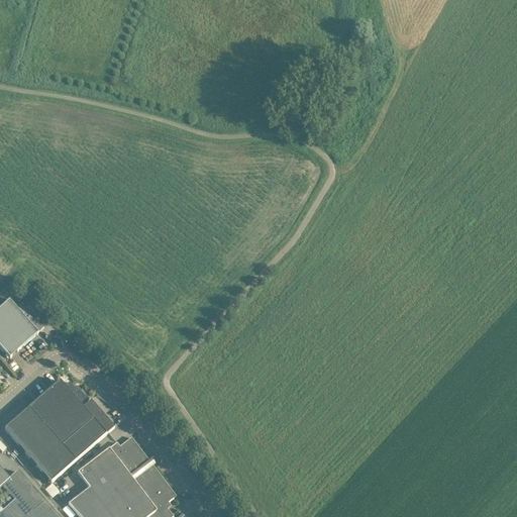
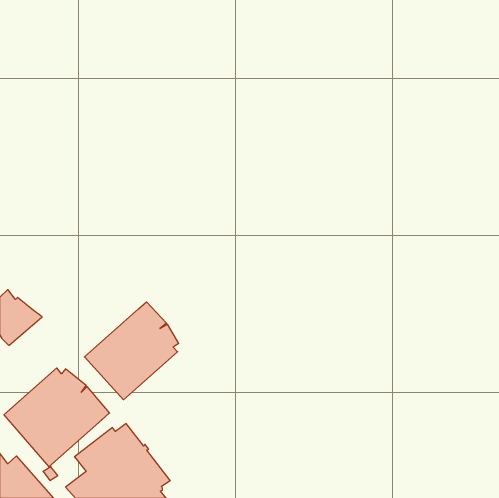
building: none -> [84,302,179,400]

